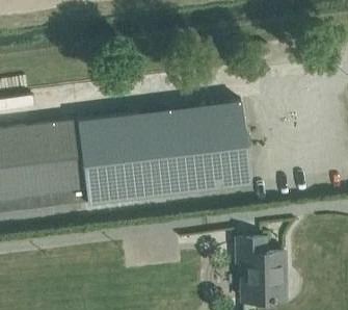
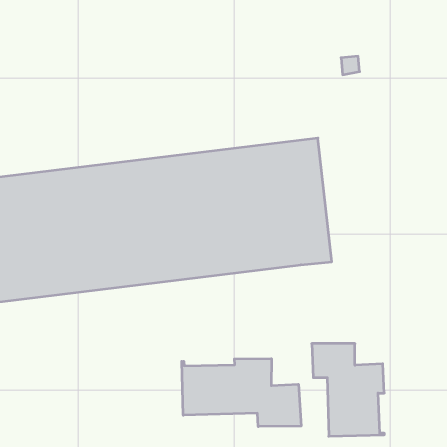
building: none -> [182,359,301,427]

